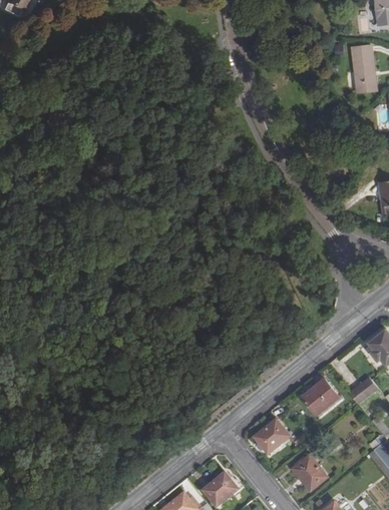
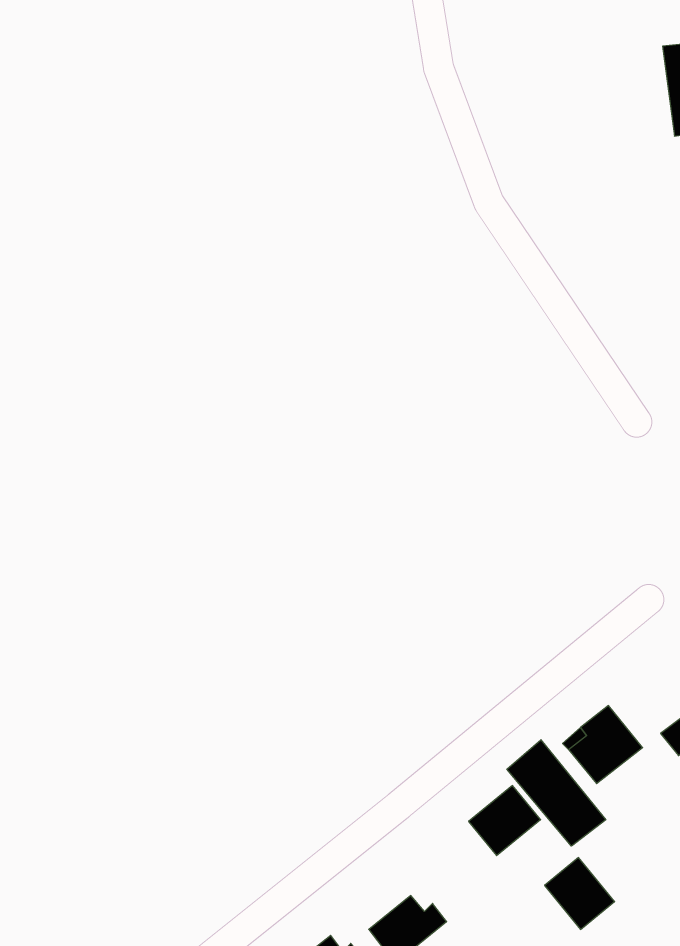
building: none -> [507,740,606,846]

